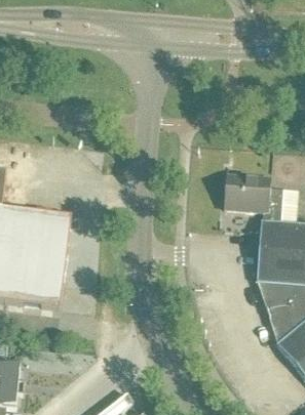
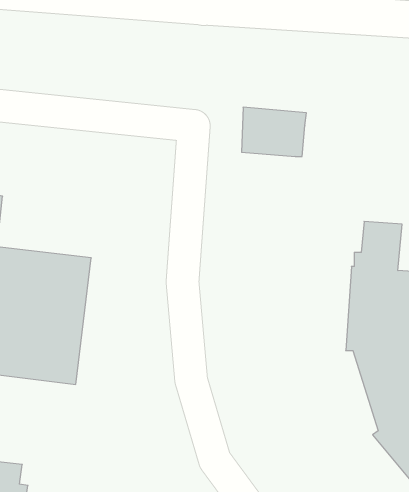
building: [222,173,269,209] -> [242,107,306,156]

